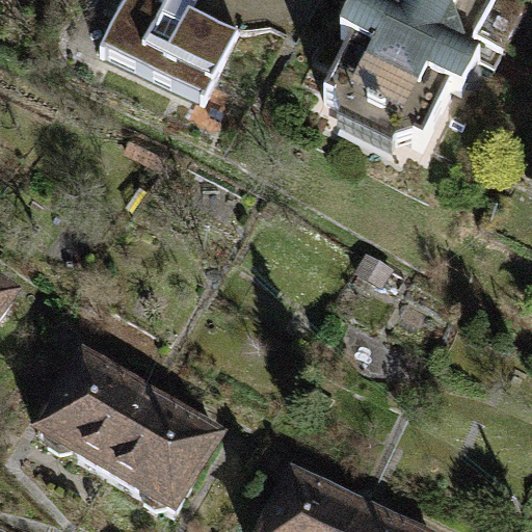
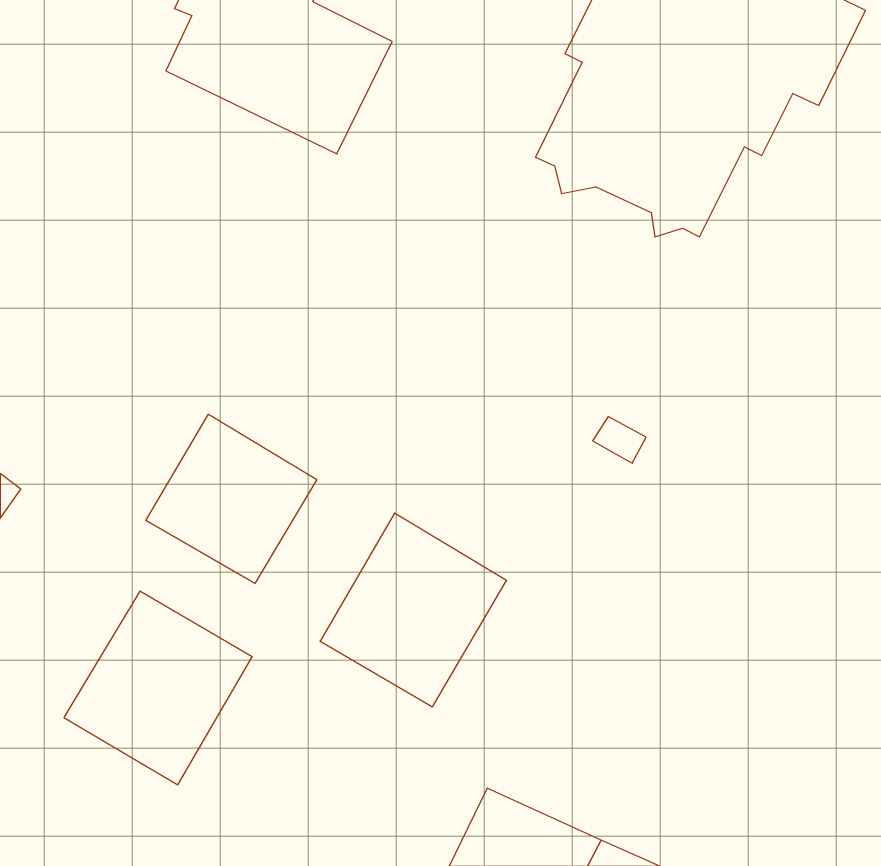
building: none -> [146,414,317,583]
building: [108,395,220,511] -> [320,513,507,707]

